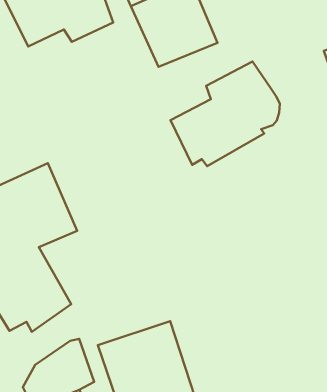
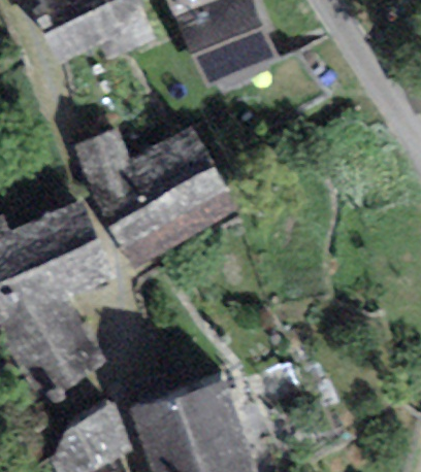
building: [171,61,280,166] -> none
building: none -> [75,128,240,269]

